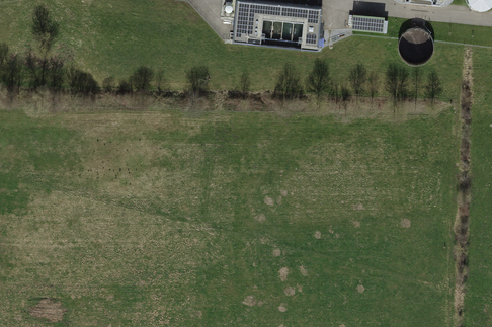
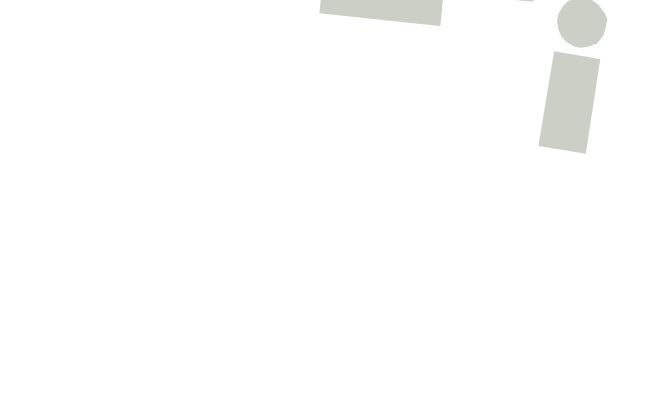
building: none -> [538,51,601,155]

